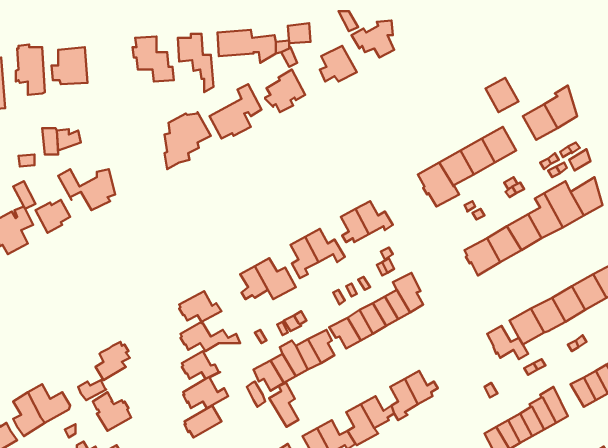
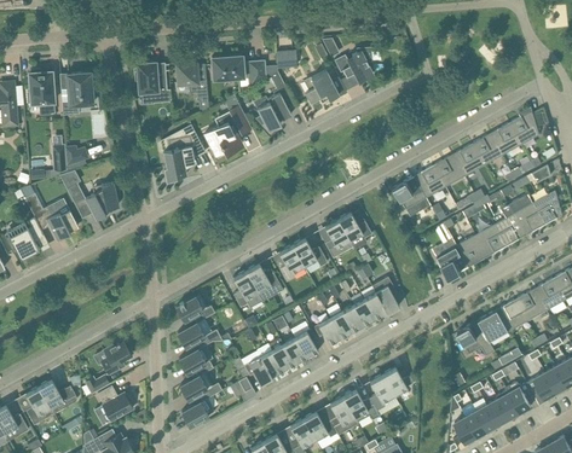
building: [485,78,519,112] -> [472,134,502,165]
building: [269,383,299,427] -> none

